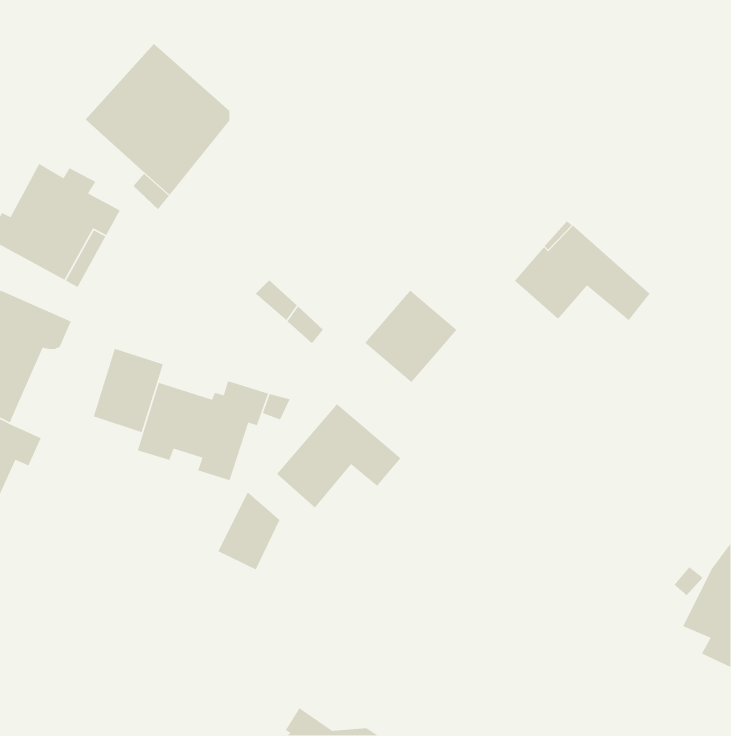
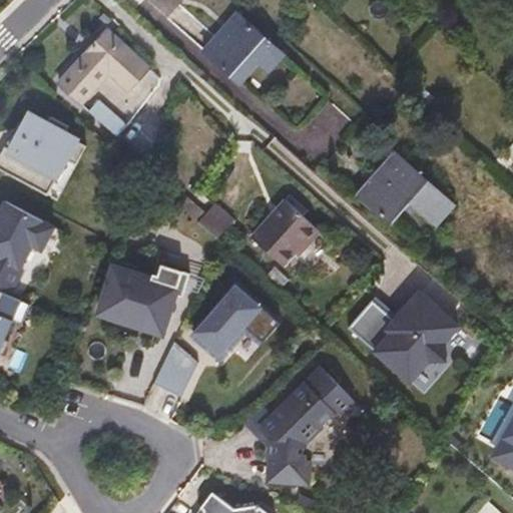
building: none -> [204,14,284,83]
building: [93,348,164,433] -> none
building: none -> [350,295,457,378]
building: none -> [261,366,354,483]

